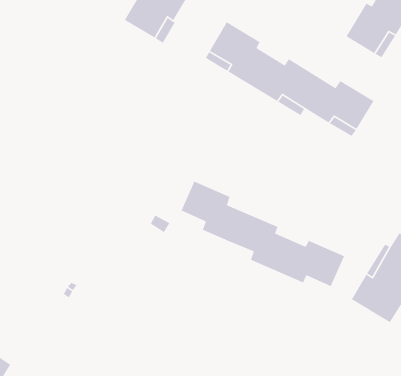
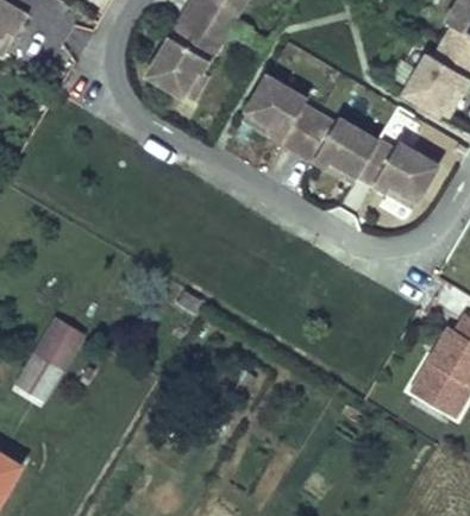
building: [181,180,345,287] -> none
building: none -> [14,319,83,402]

